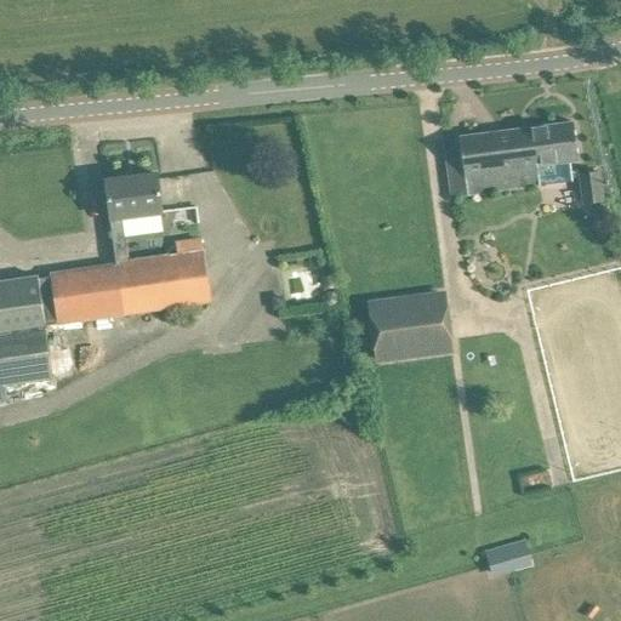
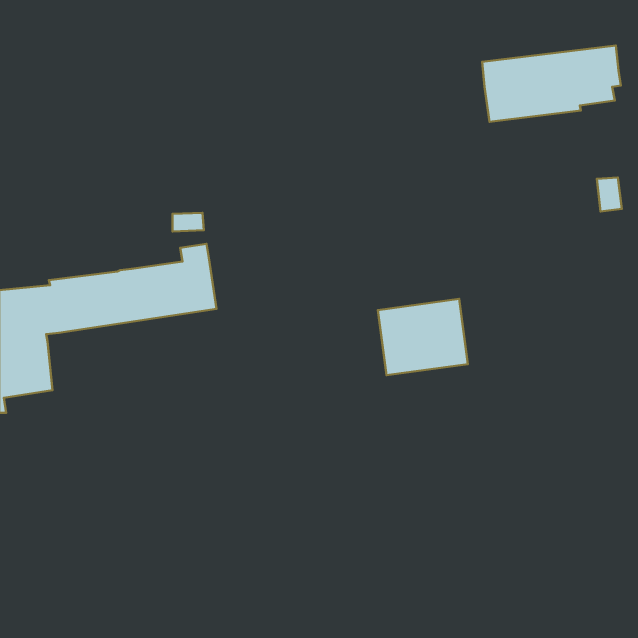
building: [443,121,577,195] -> [482,45,621,122]
building: [104,173,161,249] -> none
building: [484,539,531,576] -> none

